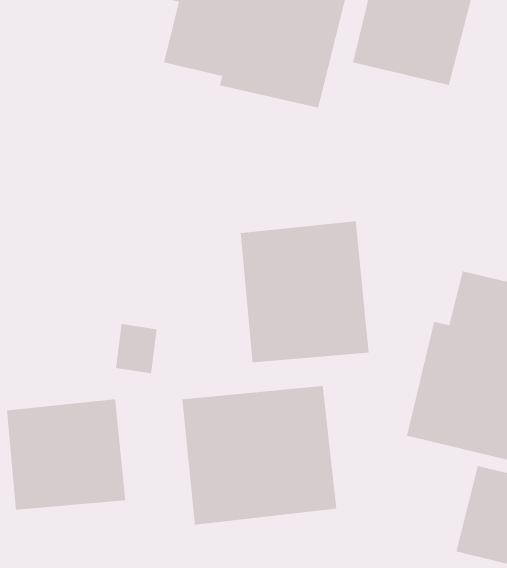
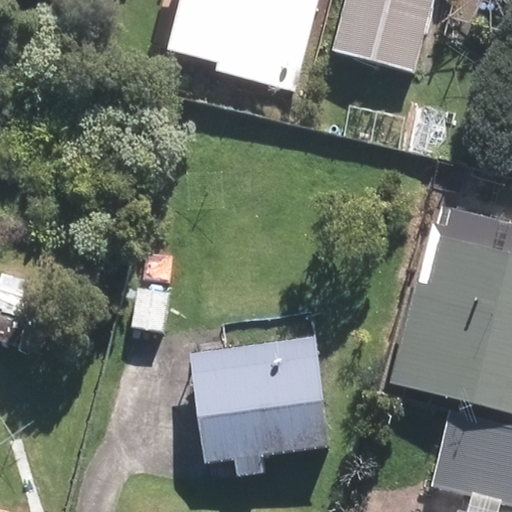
building: [240,220,369,363] -> none
building: [7,398,126,510] -> none

